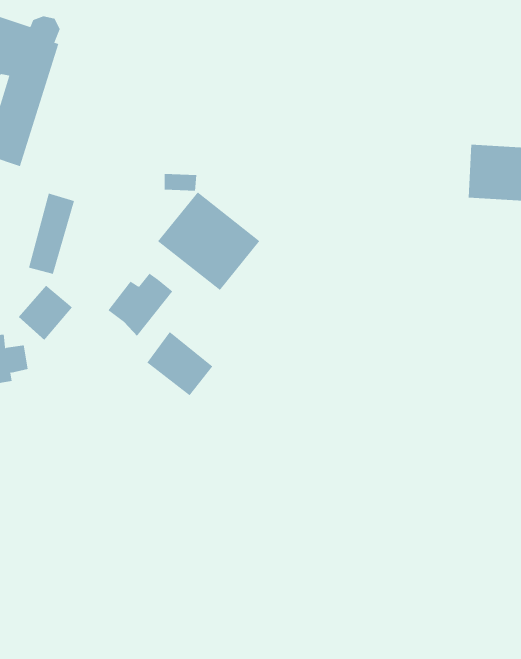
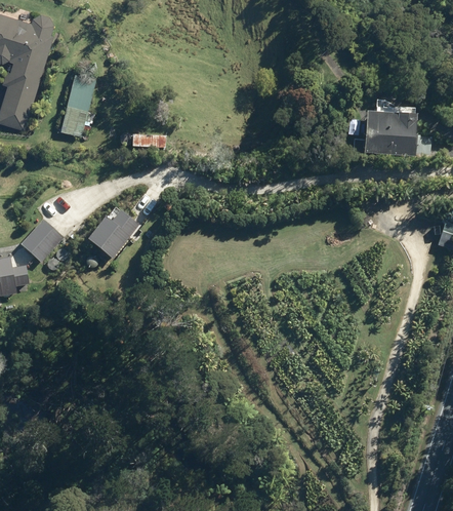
building: [157,191,260,291] -> none
building: [28,193,75,275] -> [59,73,95,135]
building: [146,331,213,396] -> none

